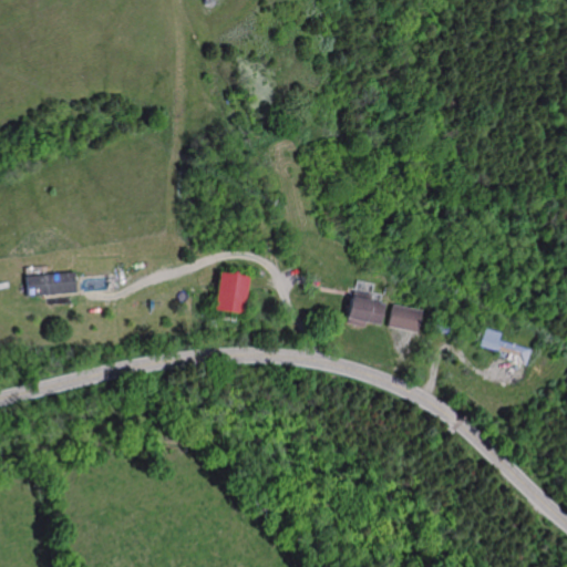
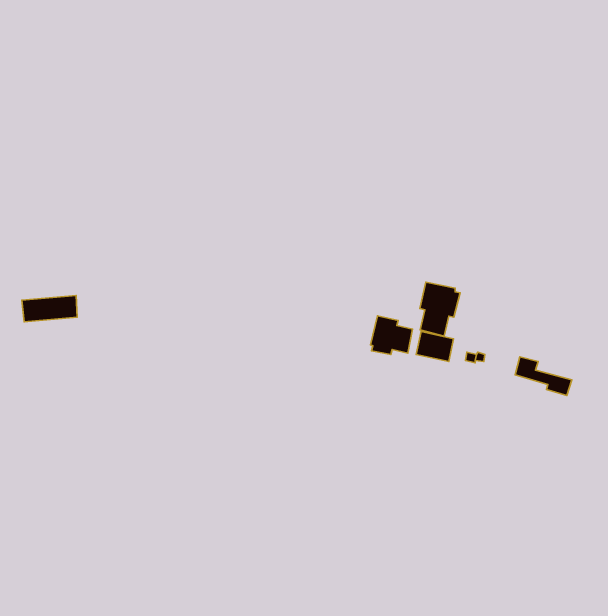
building: none -> [420,282,460,336]
building: [214,271,249,312] -> none

